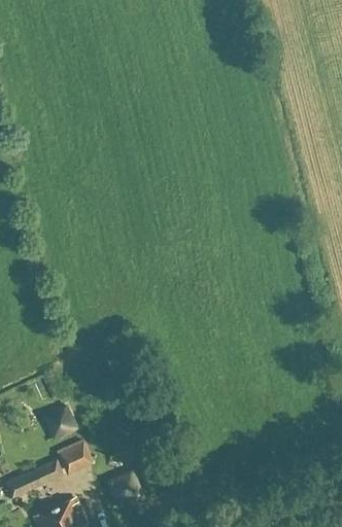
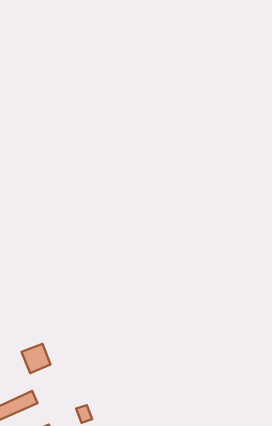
building: [54,437,89,470] -> none

